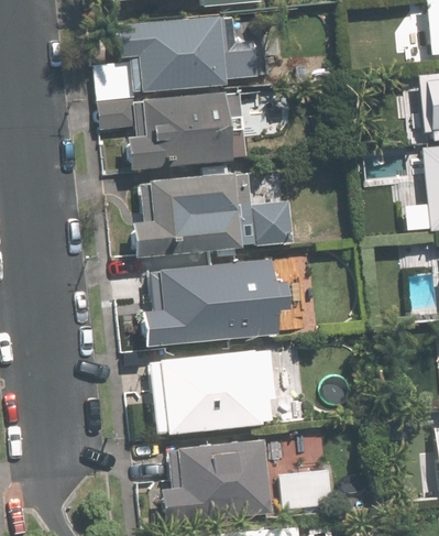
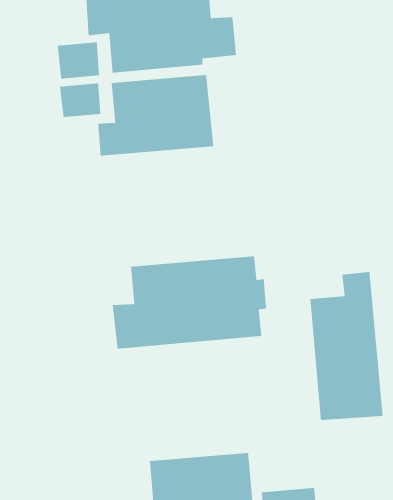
building: [132,173,290,258] -> none
building: none -> [310,271,383,421]
building: [161,352,265,434] -> none

